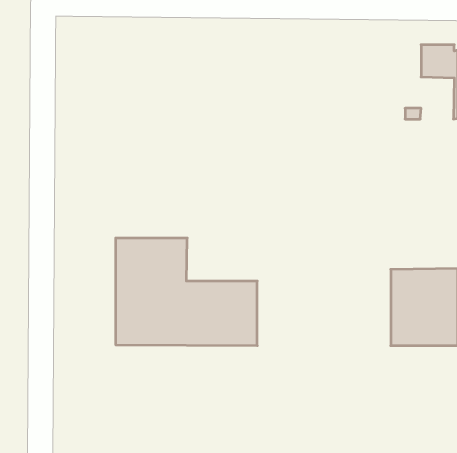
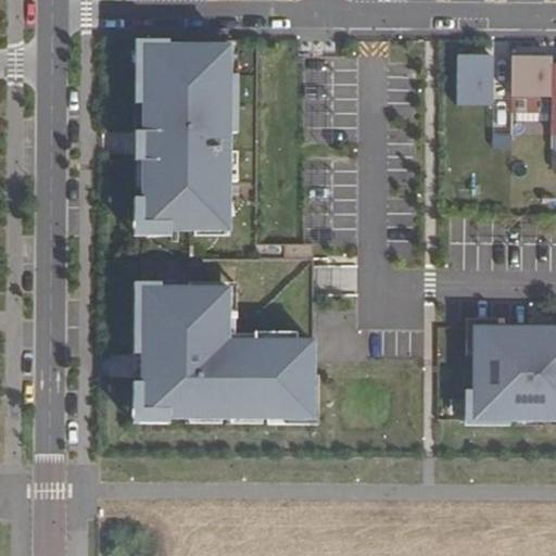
building: none -> [141,45,228,231]
building: none -> [457,55,493,103]

